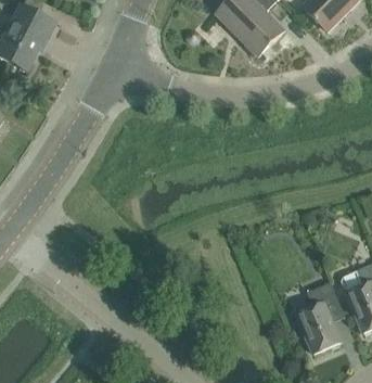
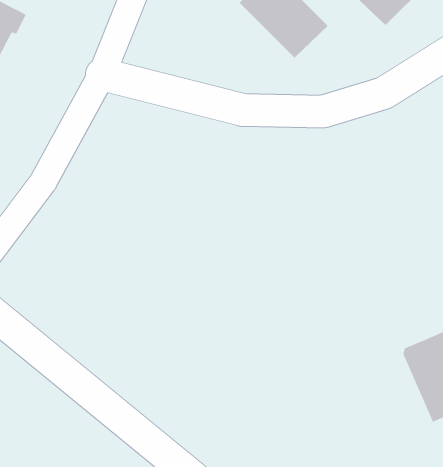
building: [296,282,342,354] -> none

